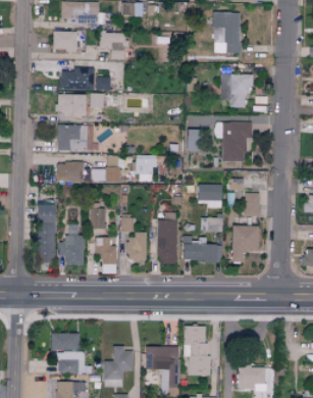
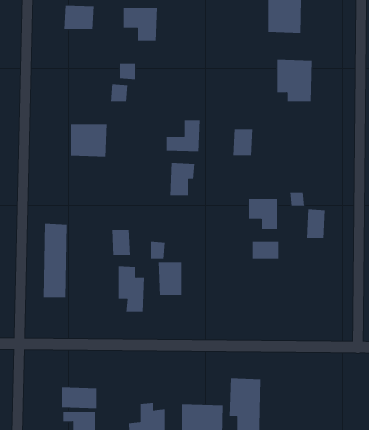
building: [60,66,95,90] -> none
building: [59,94,86,114] -> none
building: [215,121,253,161] -> none
building: [93,156,120,182] -> [166,120,201,152]
building: [57,161,85,182] -> none
building: [158,212,177,263] -> none
building: [59,223,85,265] -> none
building: [231,226,259,262] -> none
building: [184,236,223,261] -> none

